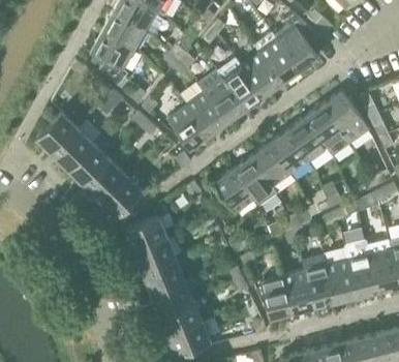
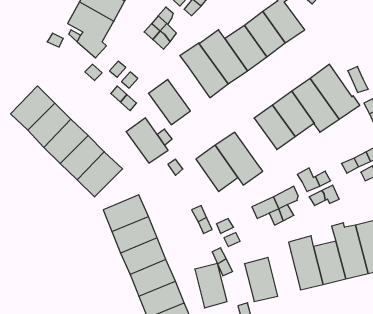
building: [186,92,226,135] -> [126,118,168,163]
building: [250,143,290,186] -> none
building: [282,271,313,313] -> [195,264,227,308]

